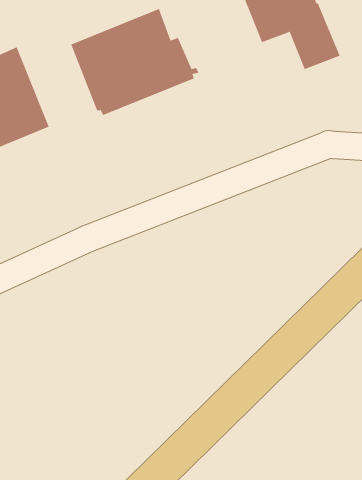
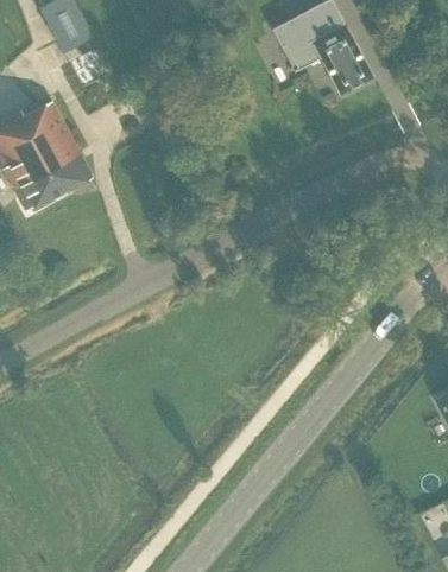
building: [70,8,200,116] -> none

